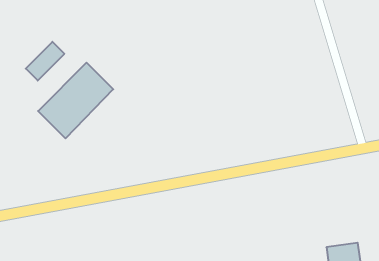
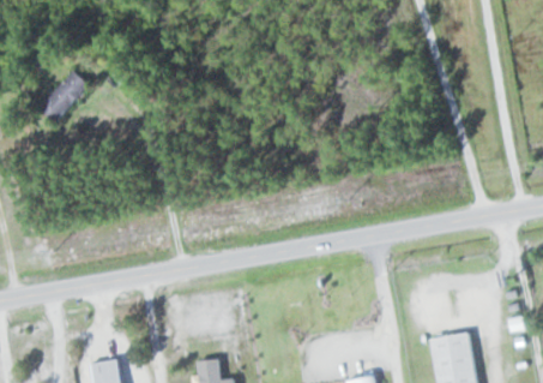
building: [38,63,113,138] -> none

